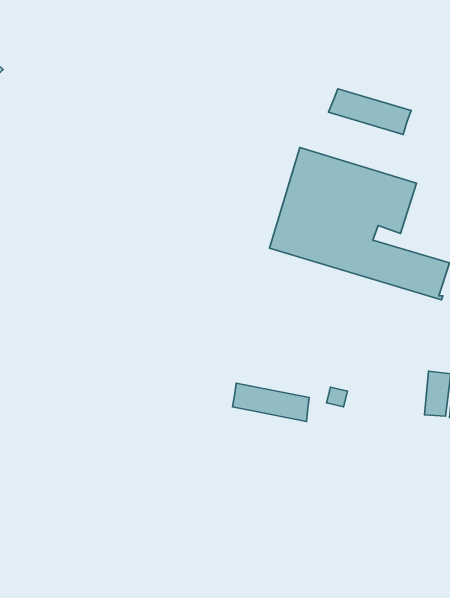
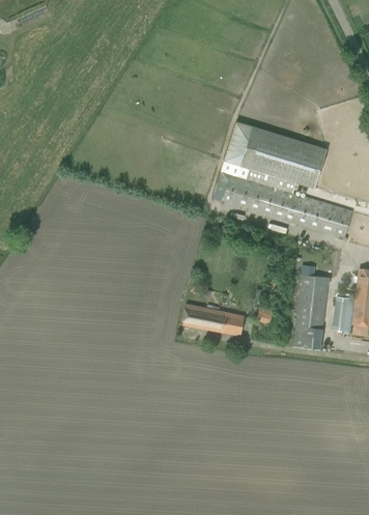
building: [329,89,411,135] -> none
building: none -> [294,264,329,349]

